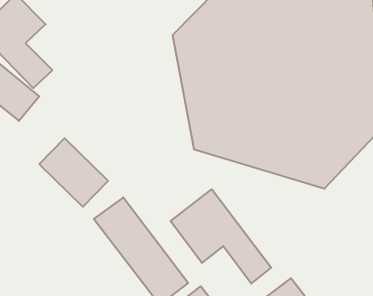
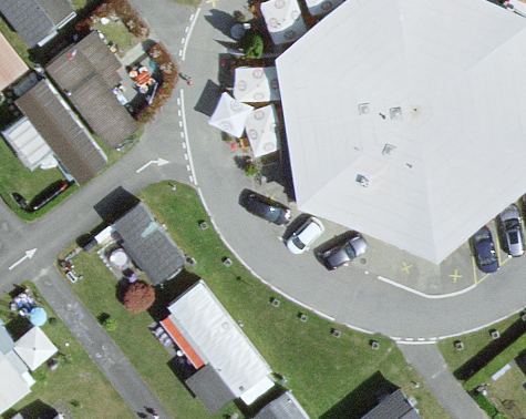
building: [171,189,271,284] -> none

